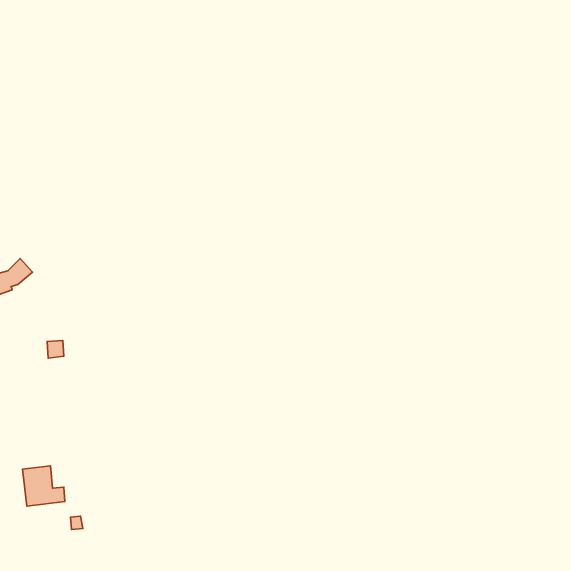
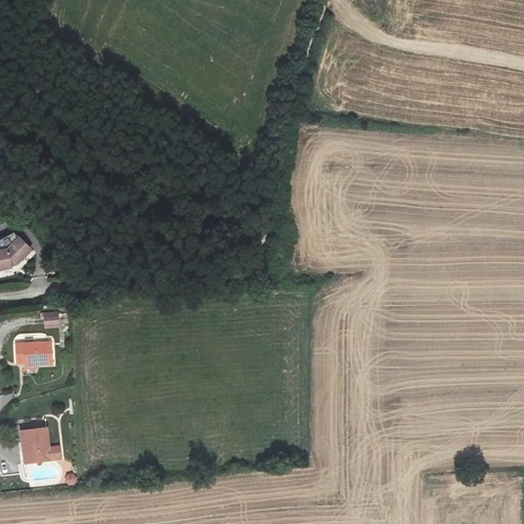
building: none -> [15,342,52,365]

